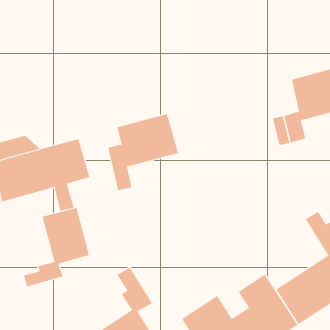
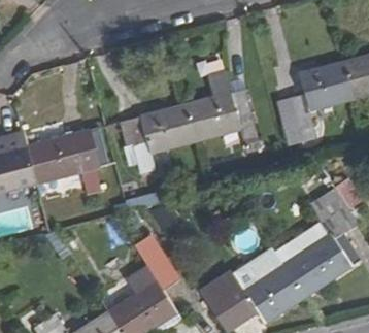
building: none -> [186,71,261,149]
building: [23,207,90,287] -> none

